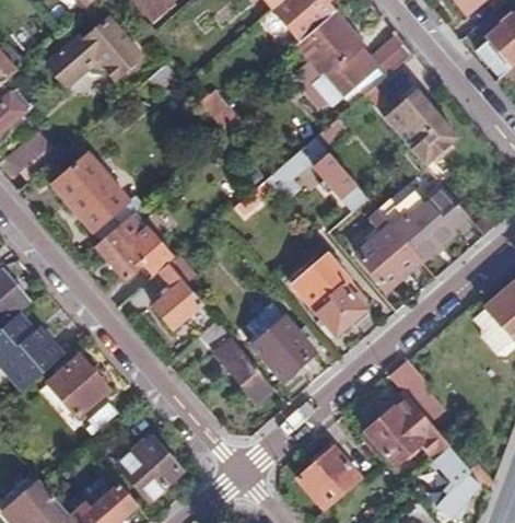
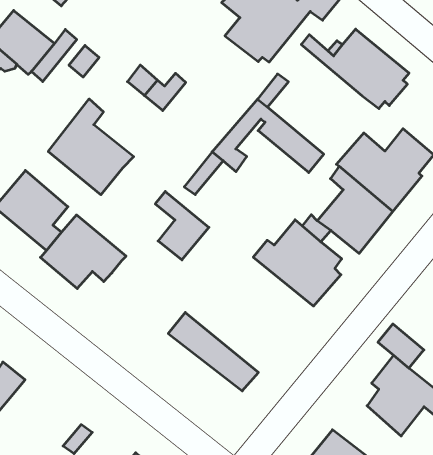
building: none -> [48,99,134,195]
building: [154,262,202,326] -> [155,191,209,260]
building: [255,318,314,377] -> none
building: [46,356,109,417] -> none

